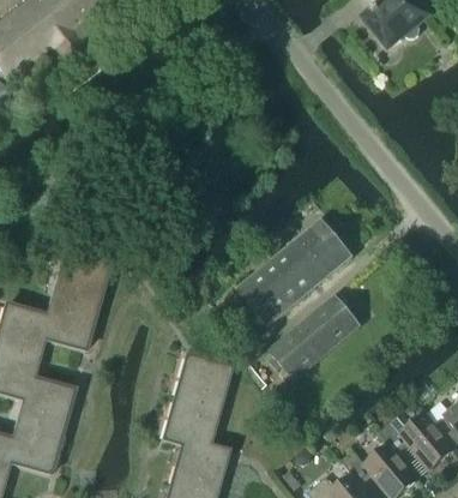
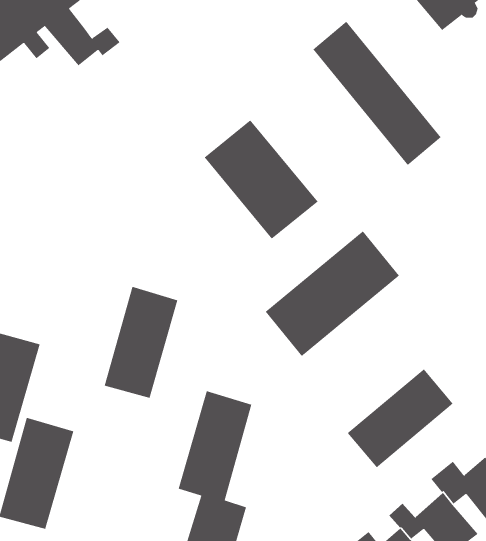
building: none -> [313,21,442,166]
building: none -> [204,119,318,240]
building: [47,252,110,348] -> [104,286,178,399]
building: [271,294,362,379] -> [347,368,454,468]

